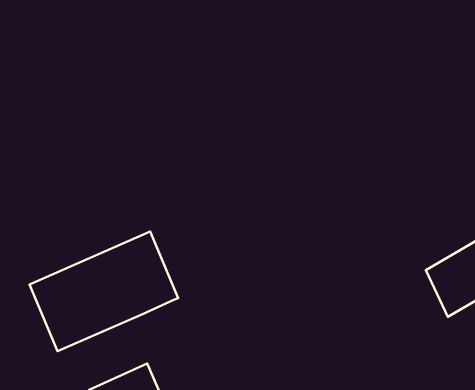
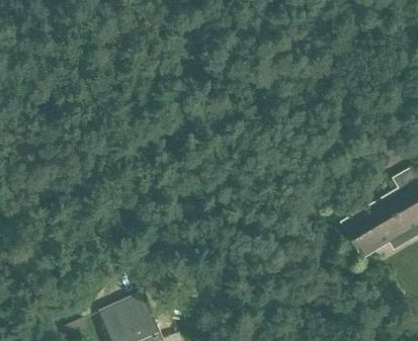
building: [29,231,178,351] -> none

